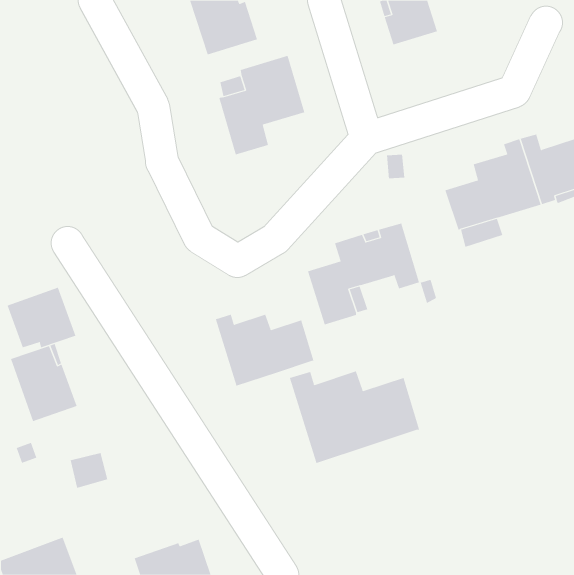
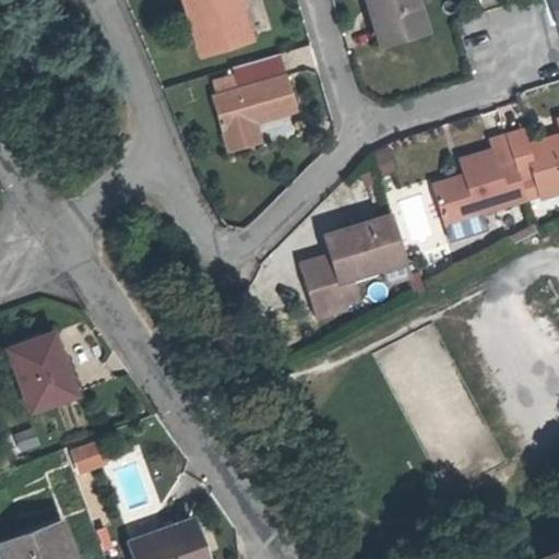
building: [7,287,76,348] -> none
building: [215,314,314,386] -> none
building: [289,370,420,464] -> none

